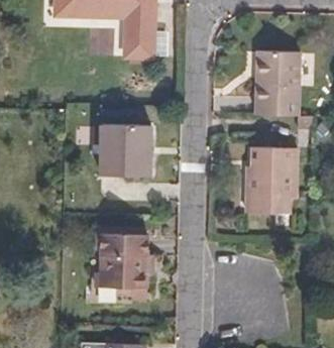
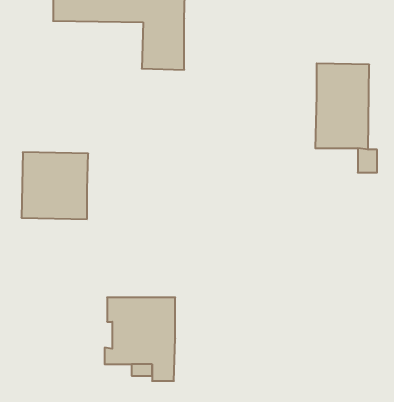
building: [98,124,150,177] -> [21,152,88,219]
building: [248,146,295,225] -> none

